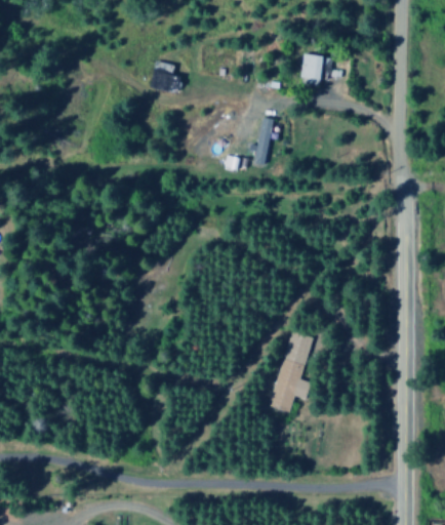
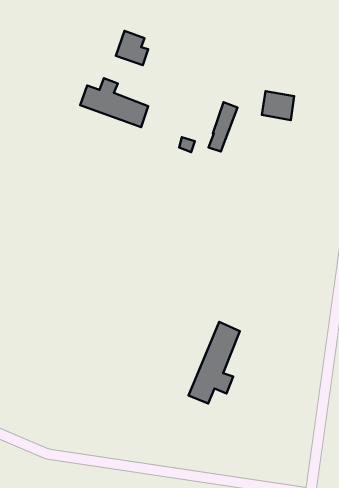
building: [301,55,330,80] -> [262,91,294,120]
building: none -> [80,78,148,127]

